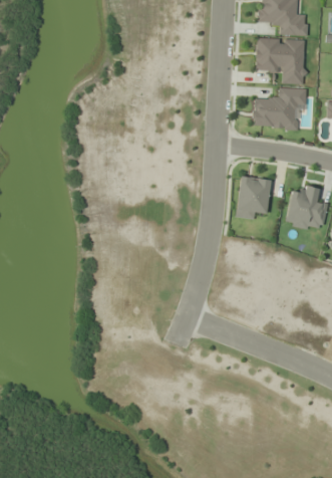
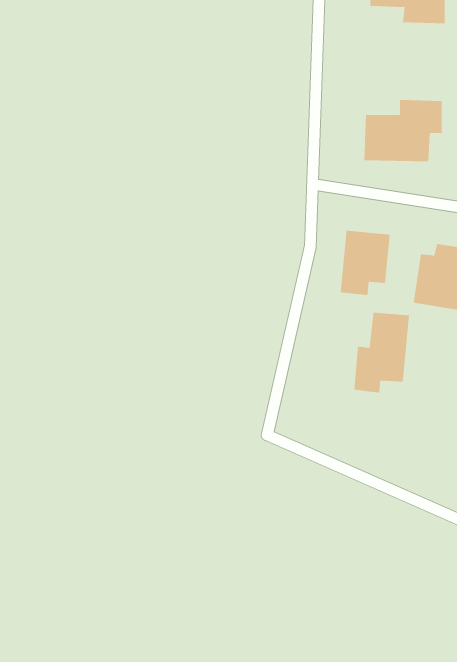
building: [255,37,307,83] -> none
building: none -> [354,312,410,393]

